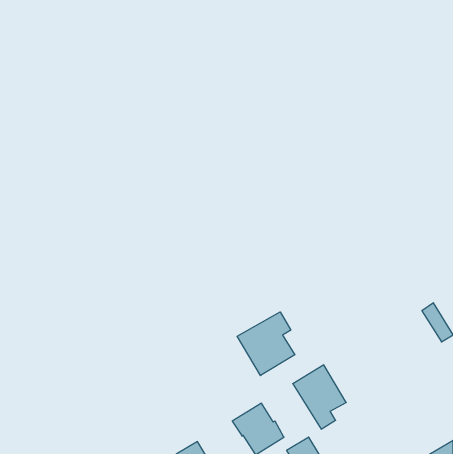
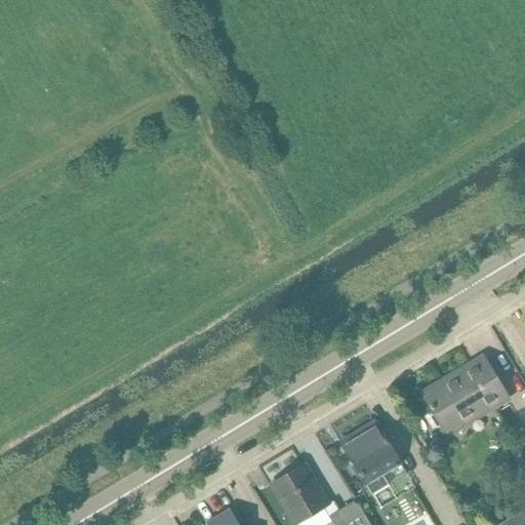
building: none -> [419,358,506,436]
building: [237,312,295,376] -> none

